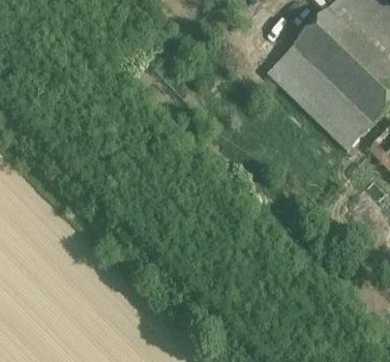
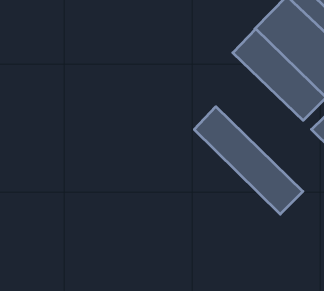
building: none -> [194,107,303,214]

